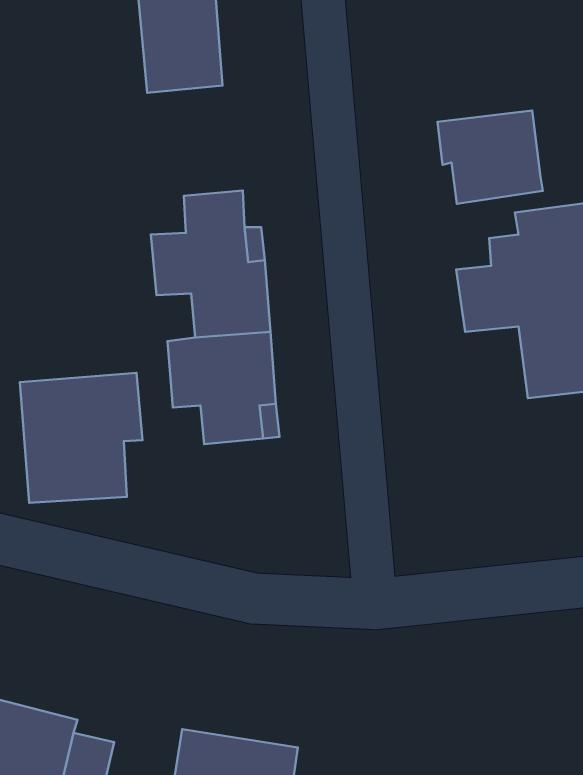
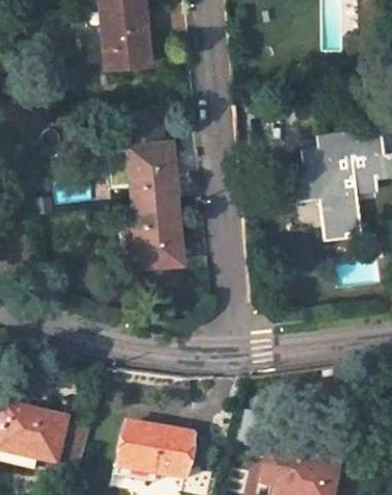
building: [437,110,543,204] -> none
building: [20,373,143,503] -> none

